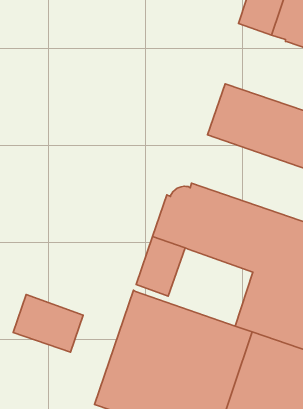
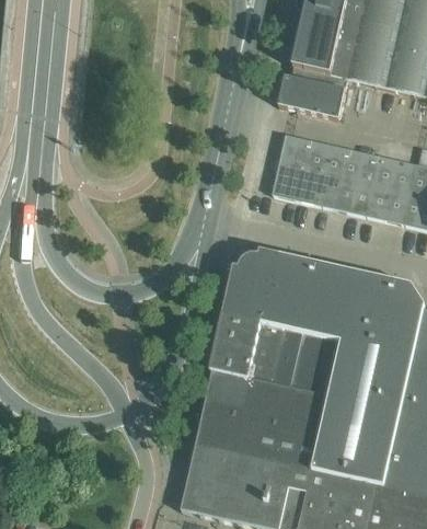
building: none -> [279,66,348,119]
building: none -> [209,323,341,404]
building: [13,295,83,352] -> none

